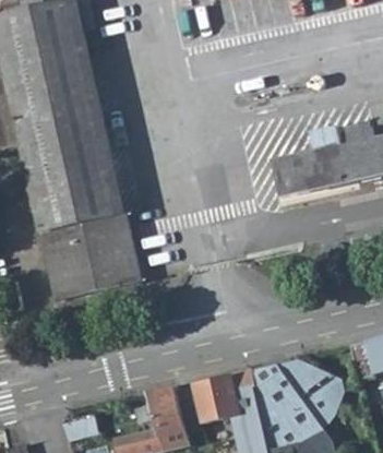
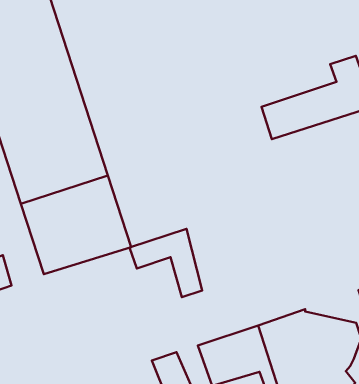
building: none -> [130,229,202,297]

